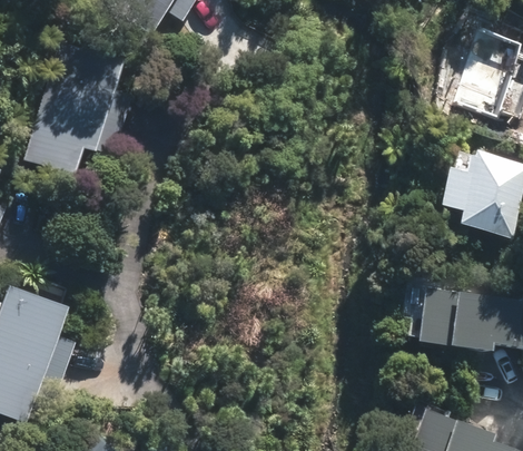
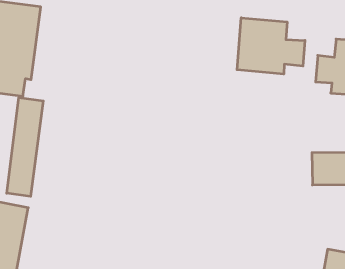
building: none -> [237,18,305,74]
building: none -> [7,98,43,196]

